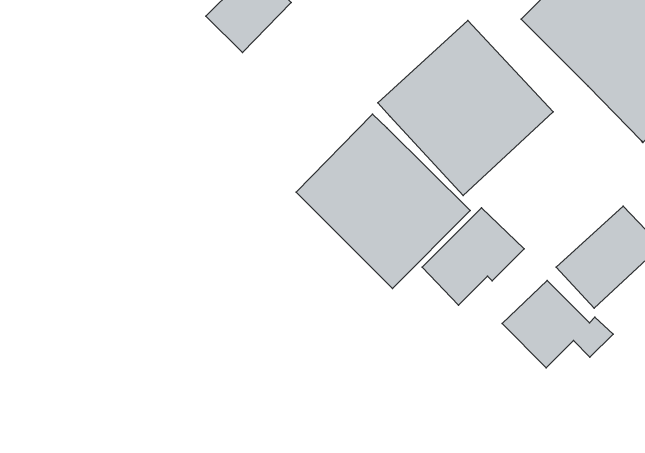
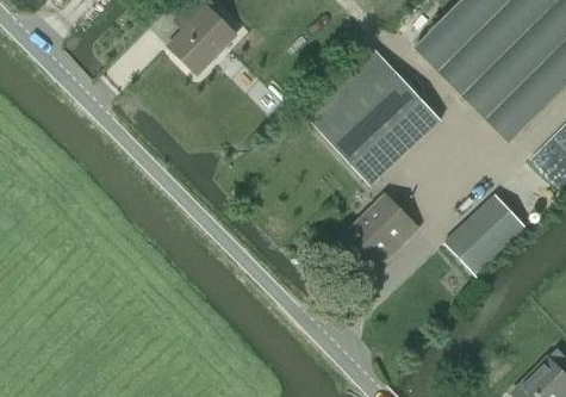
building: [296,114,470,288] -> none
building: [502,281,613,368] -> none

